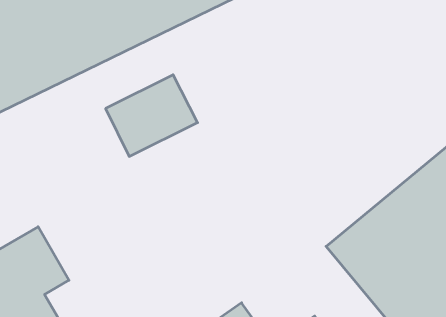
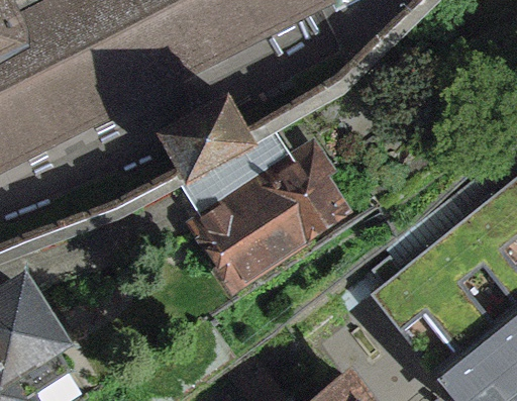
building: none -> [183,141,354,295]

